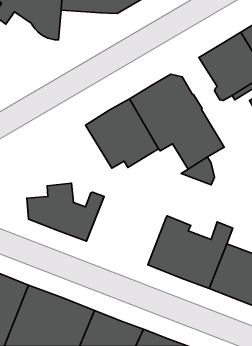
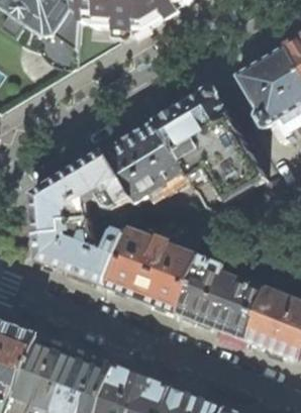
building: none -> [32,152,132,236]
building: none -> [105,229,197,313]

